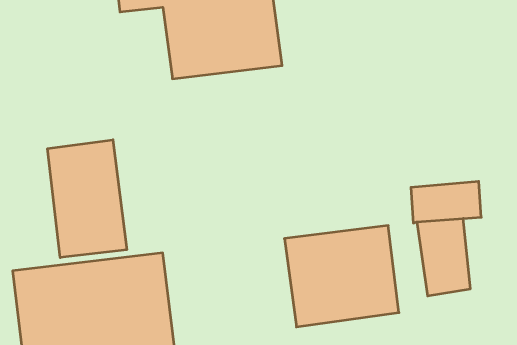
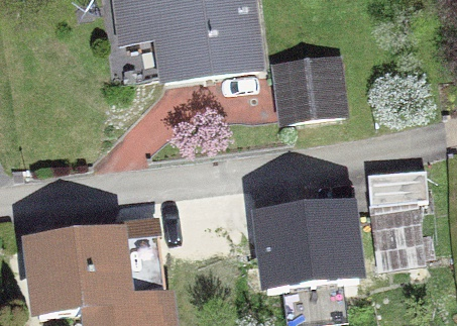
building: none -> [275,58,337,120]
building: [48,140,127,258] -> none

